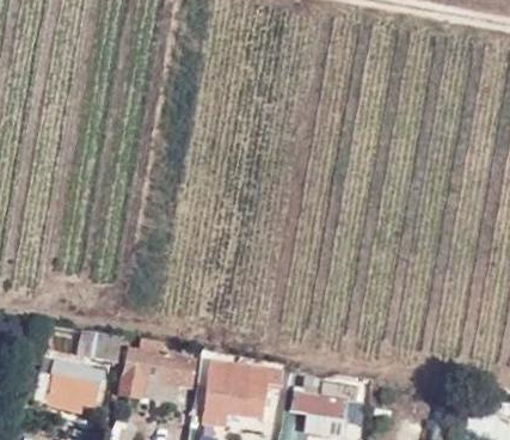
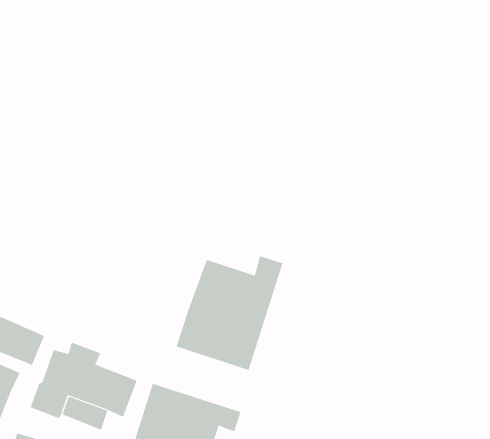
building: none -> [176,255,283,371]

